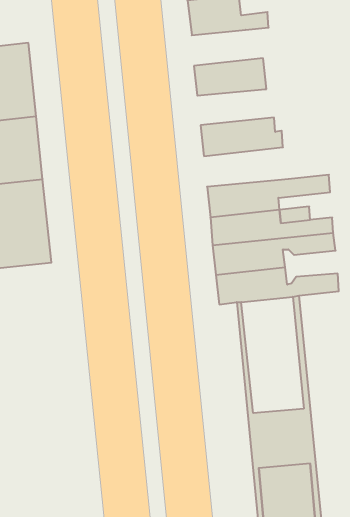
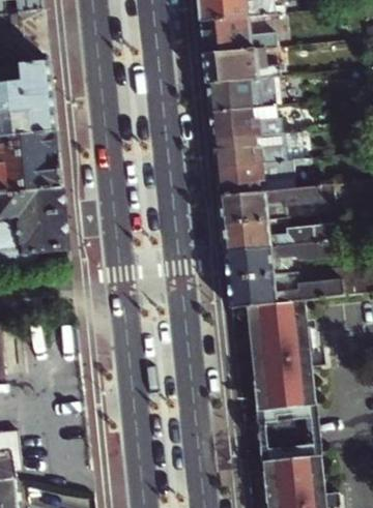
building: none -> [203,46,279,80]
building: none -> [208,101,281,136]
building: none -> [214,154,311,193]
building: none -> [250,297,309,407]

